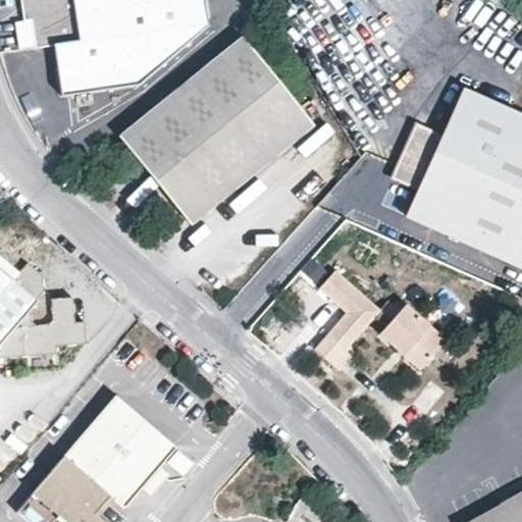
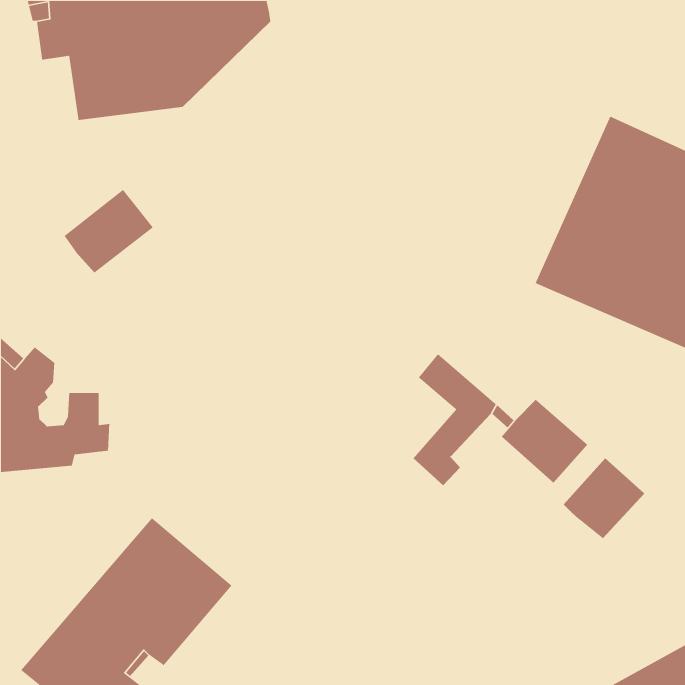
building: [120,36,313,220] -> none
building: none -> [63,189,154,273]
building: none -> [563,457,645,539]

